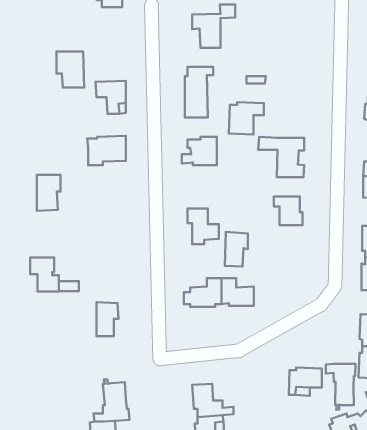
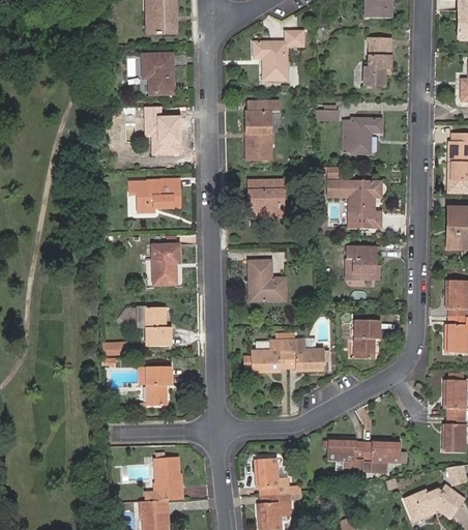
building: none -> [362,39,390,85]
building: [56,52,84,87] -> [142,54,173,94]
building: [229,102,264,134] -> [342,118,381,154]
building: [37,175,61,211] -> [152,244,179,285]
building: [225,232,248,267] -> [353,320,379,359]
building: [30,258,59,292] -> [138,307,170,346]
building: [326,364,355,410] -> none
building: none -> [326,438,363,471]

